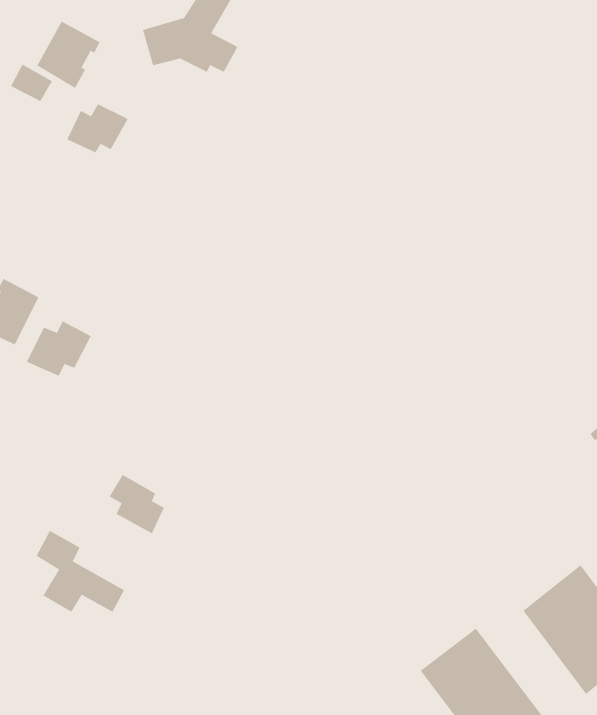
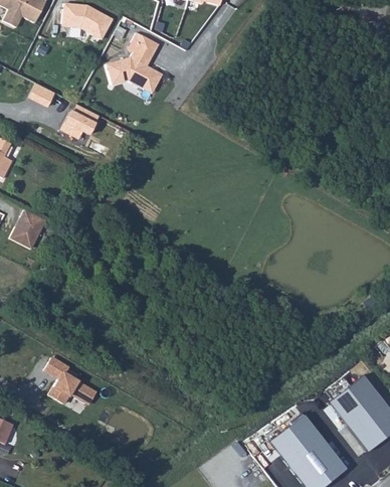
building: [37,21,100,89] -> none
building: [26,320,92,377] -> none
building: [109,474,165,534] -> none

